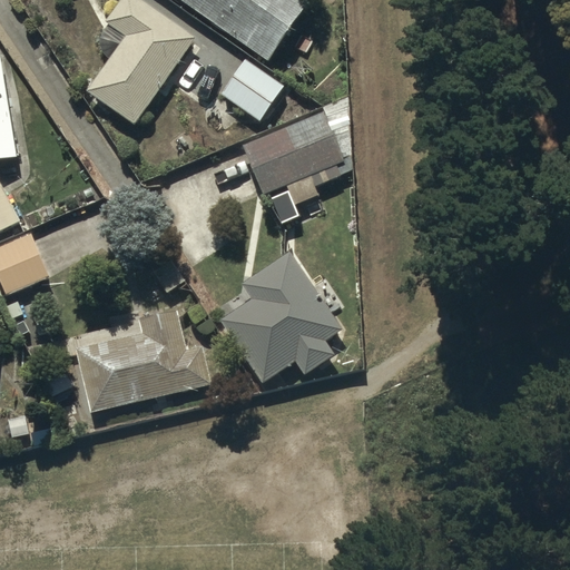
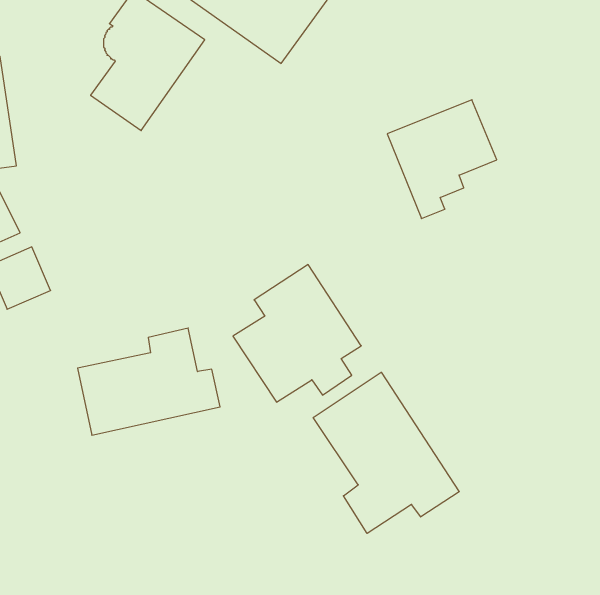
building: [219,56,285,120] -> none
building: [245,112,348,225] -> [387,100,497,219]
building: none -> [313,372,459,533]

